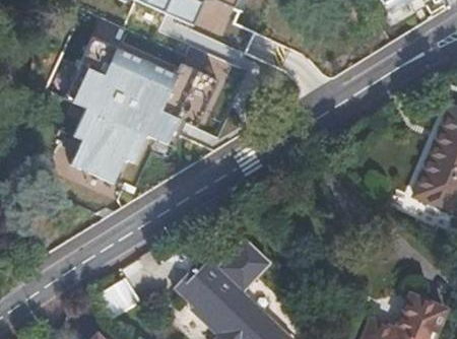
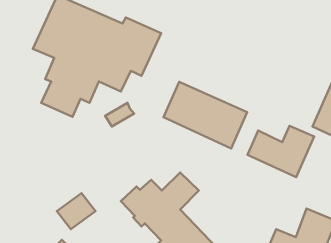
building: none -> [163,82,247,149]
building: none -> [248,126,314,177]

